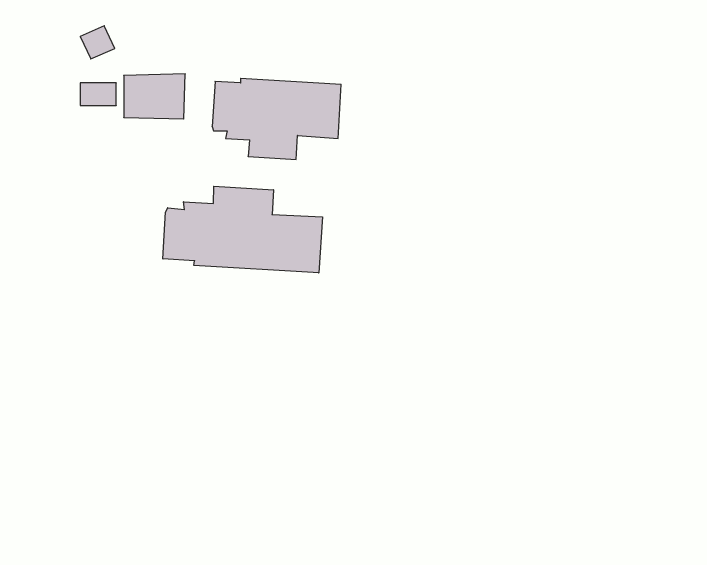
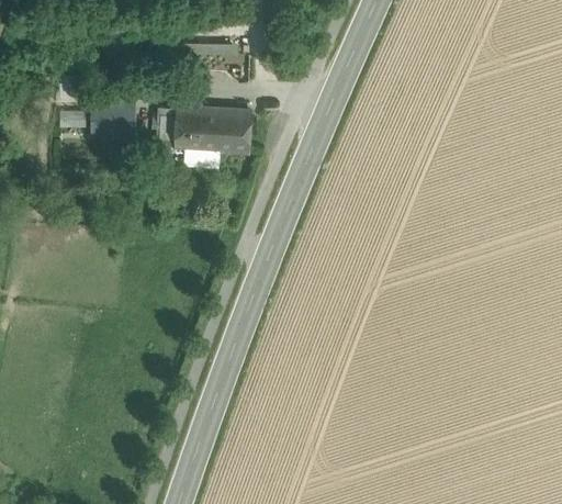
building: [163,186,322,273] -> none

